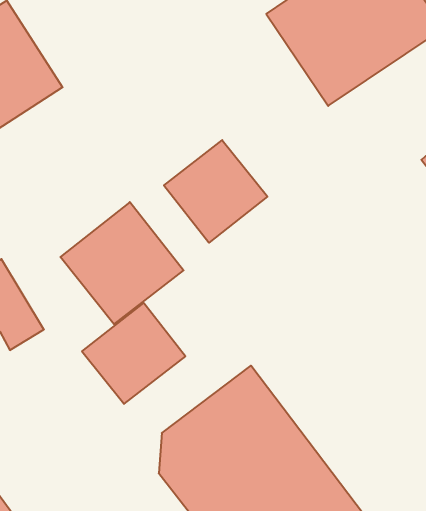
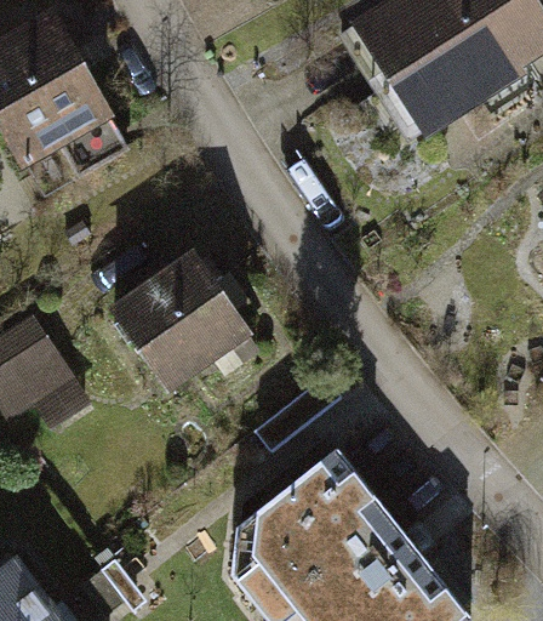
building: [164,140,267,243] -> none
building: [82,303,185,404] -> none

